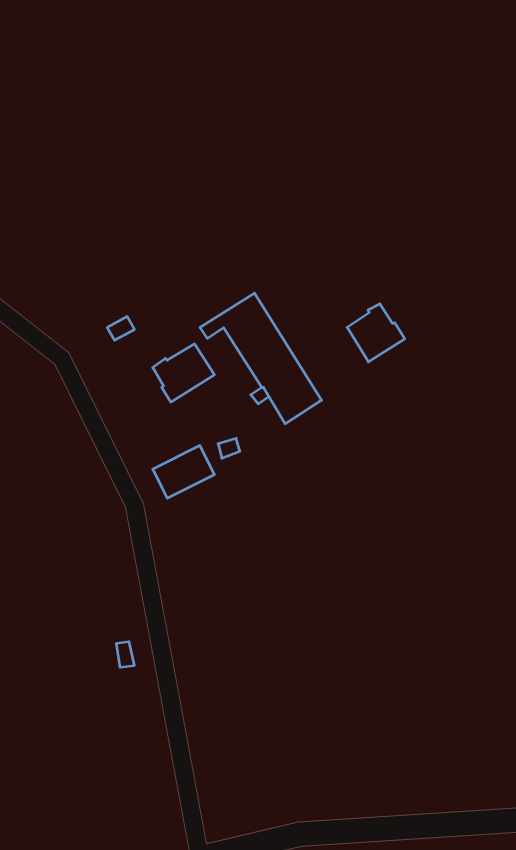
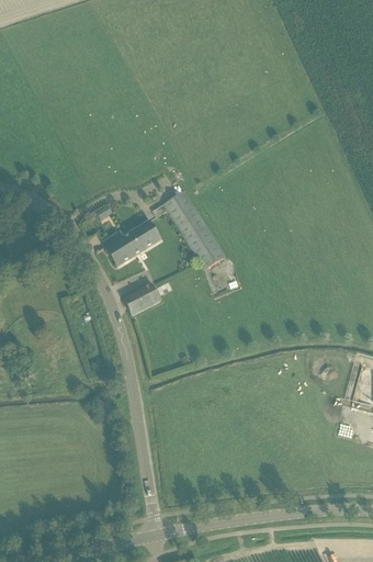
building: [347,304,405,362] -> none
building: none -> [102,232,134,266]

